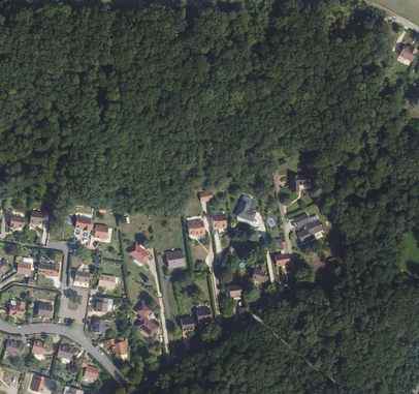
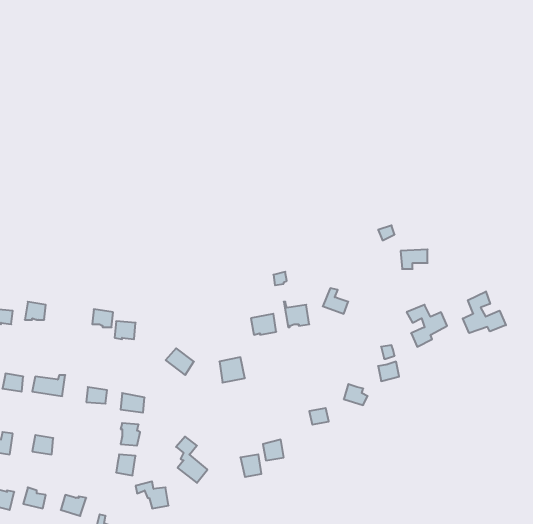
building: none -> [463,291,506,333]

